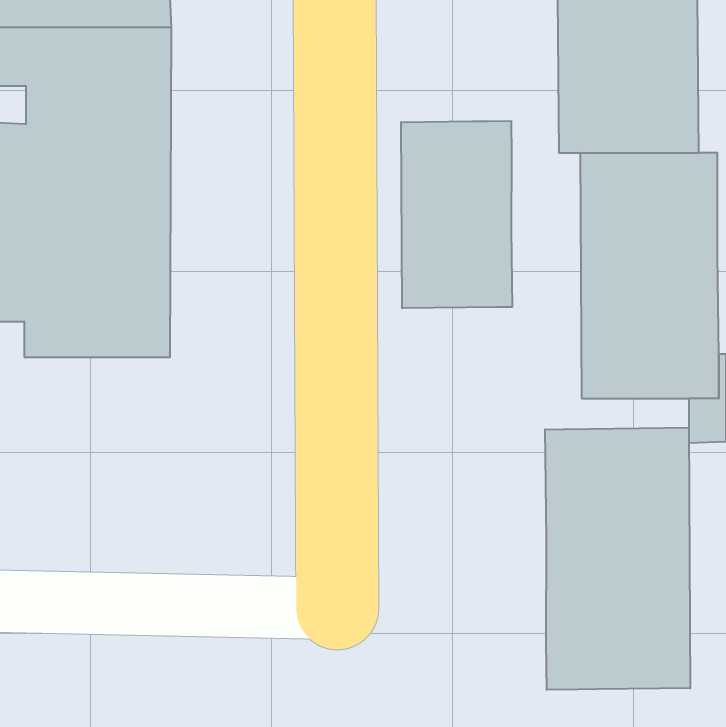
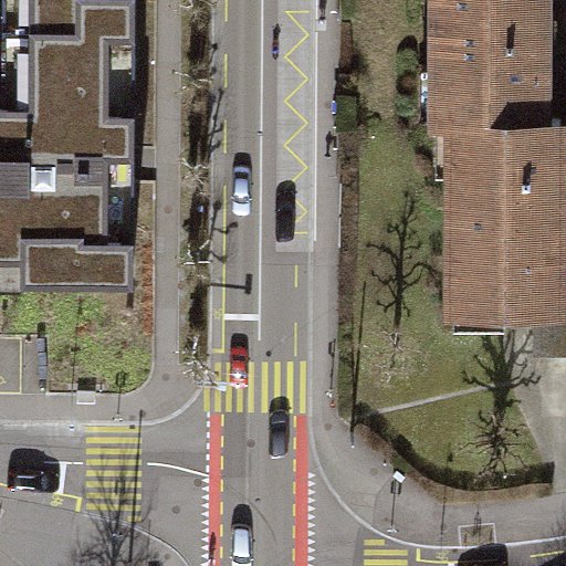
building: [401,121,512,308] -> none
building: [545,428,690,690] -> none

